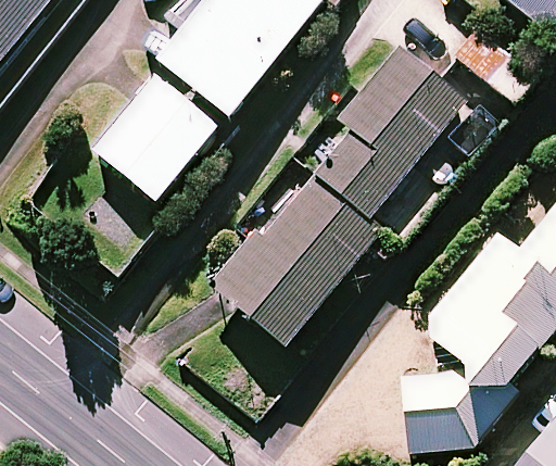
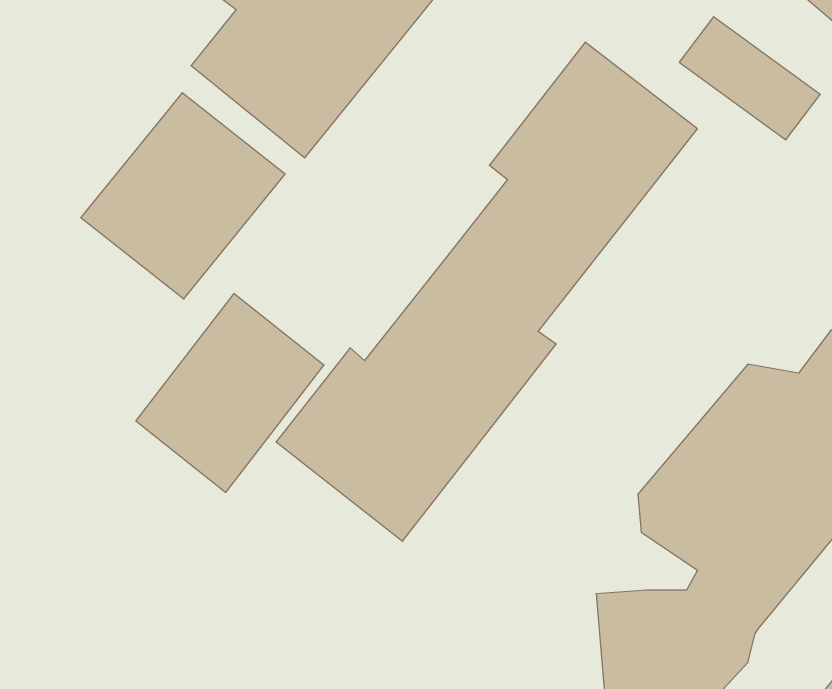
building: none -> [136,293,324,492]

